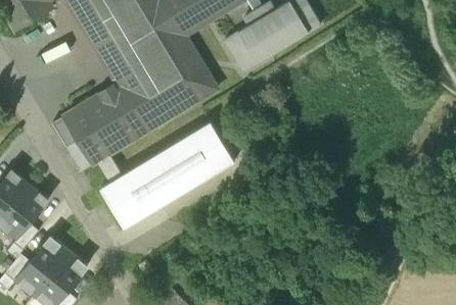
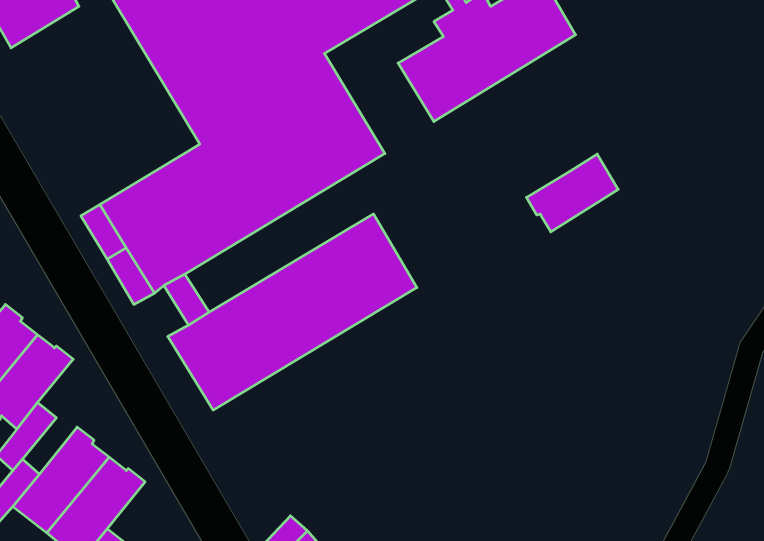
building: none -> [526,154,618,232]

